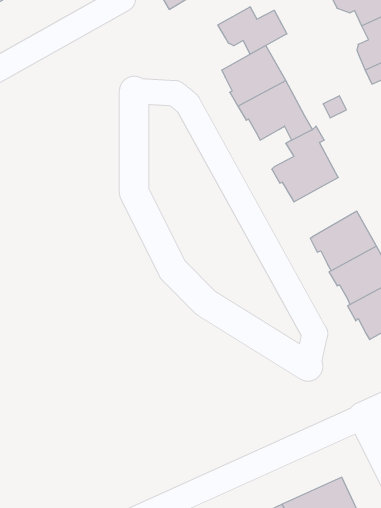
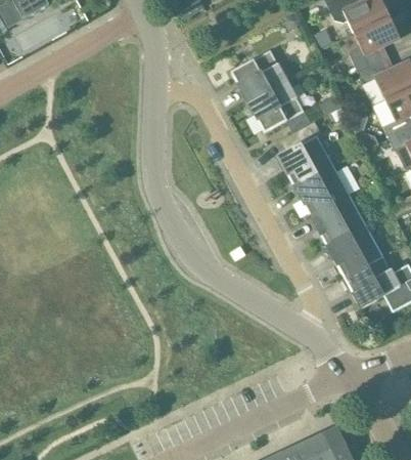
building: [218,7,287,54] -> none
building: none -> [292,164,350,216]

